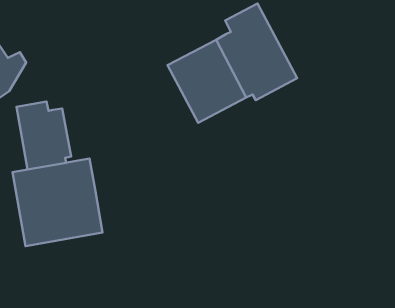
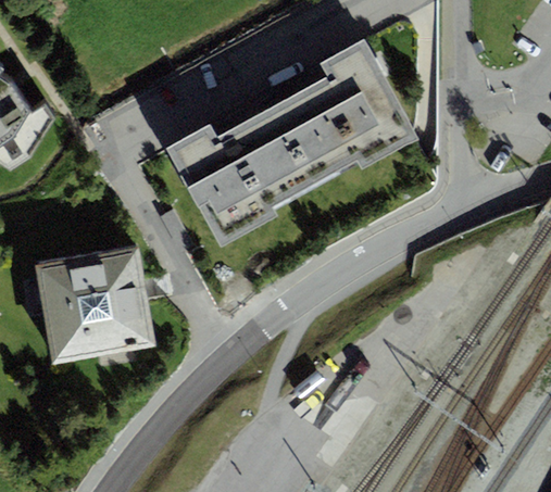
building: none -> [164,121,283,247]
building: [16,101,71,170] -> none

